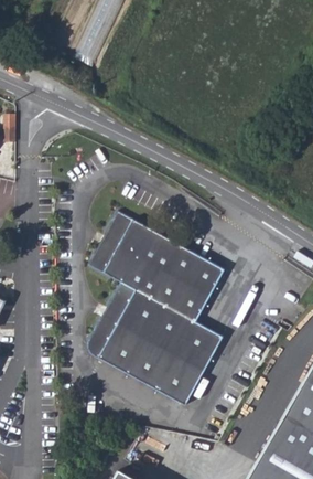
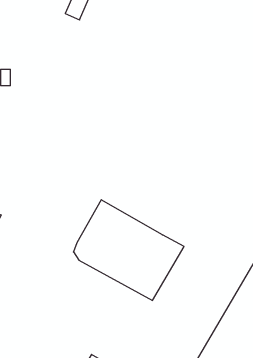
building: [93,210,231,324] -> none

